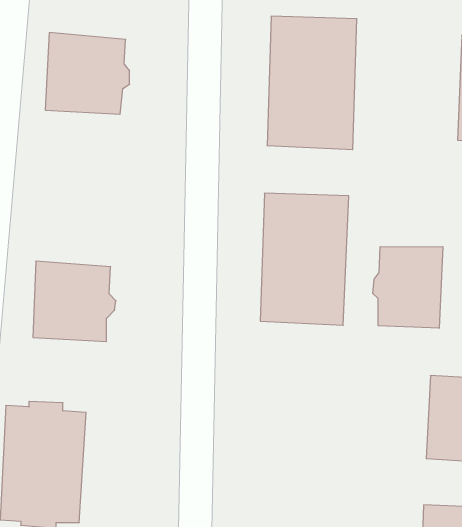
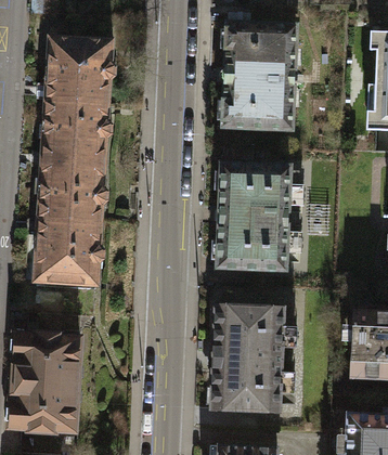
building: none -> [39,100,111,224]
building: [373,247,443,328] -> none
building: none -> [210,306,284,412]

